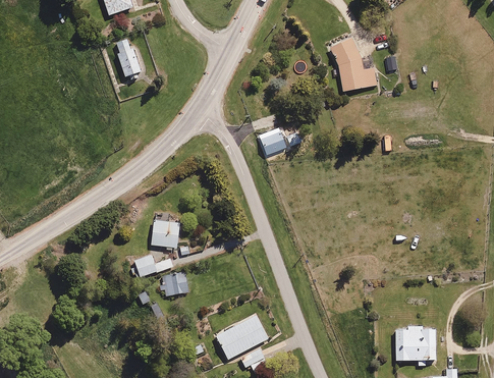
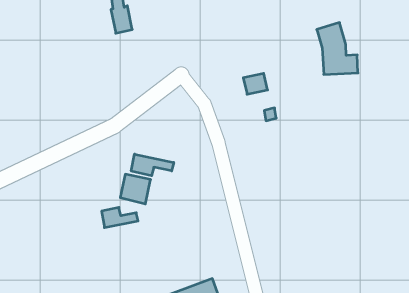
building: [261,130,287,154] -> [243,73,268,94]
building: none -> [131,154,174,176]
building: [163,272,188,295] -> none

